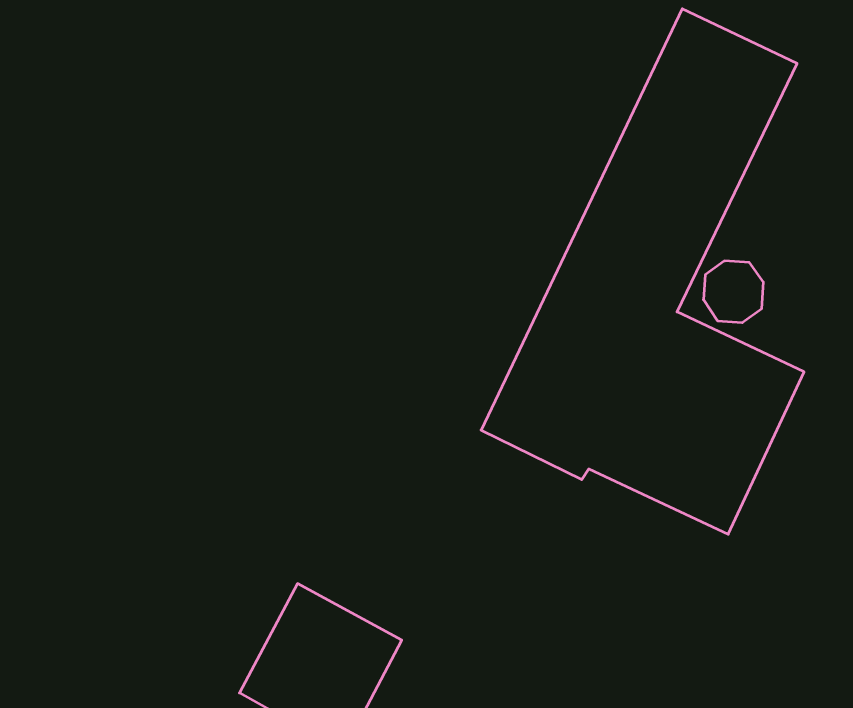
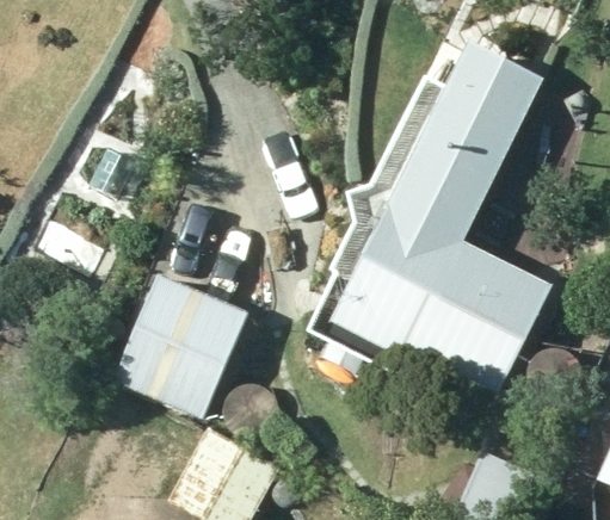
building: none -> [115,287,252,415]

